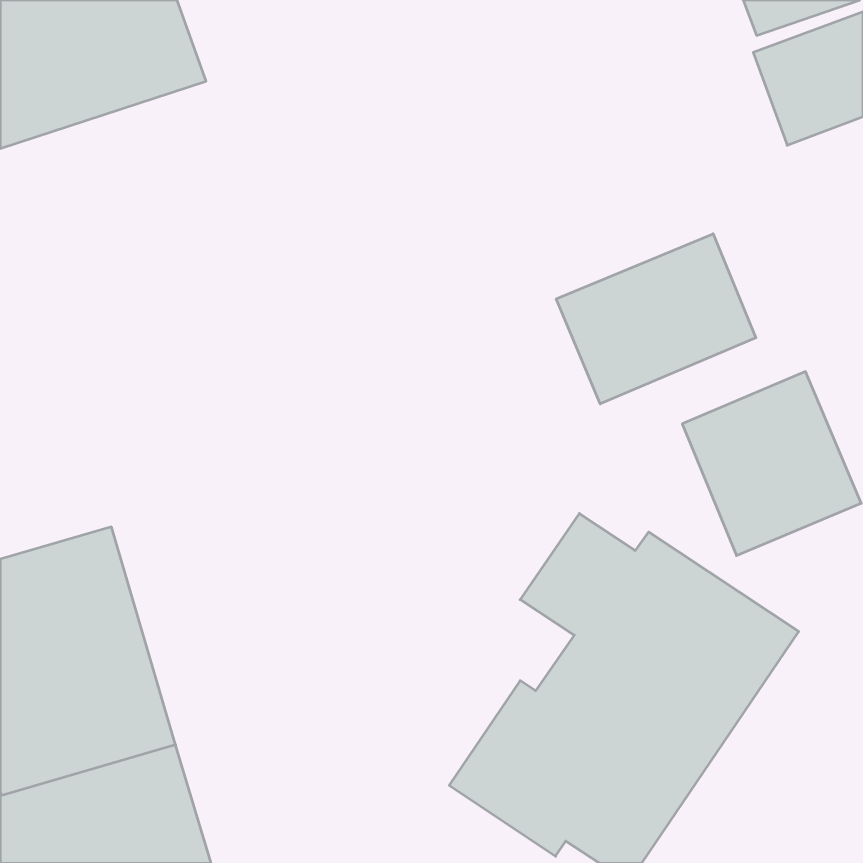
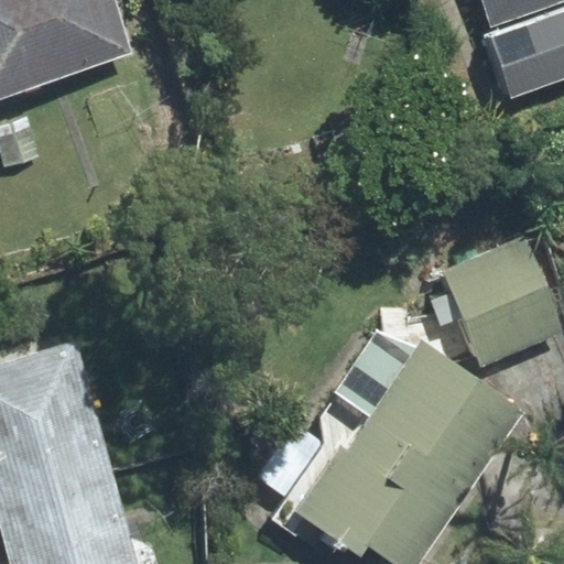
building: [556,234,756,404] -> none

